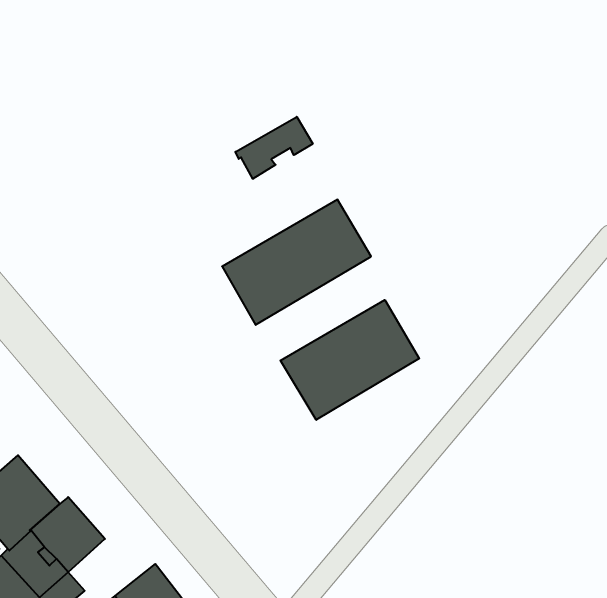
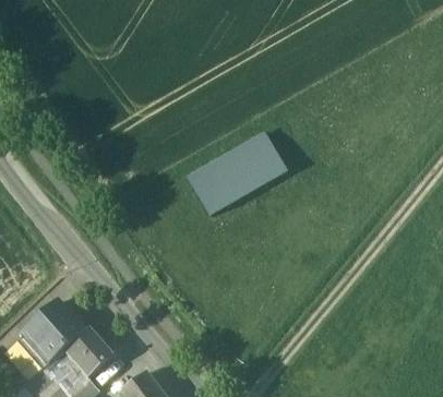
building: [235,117,313,179] -> none
building: [280,300,419,420] -> none

